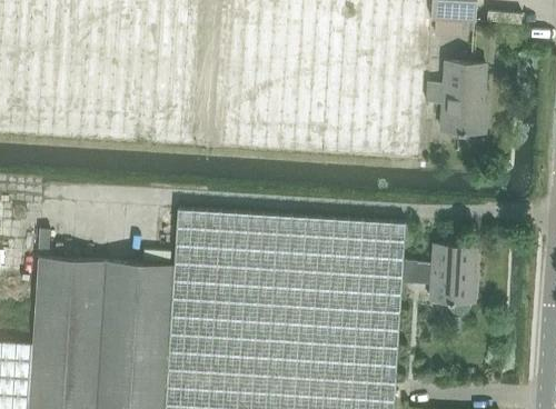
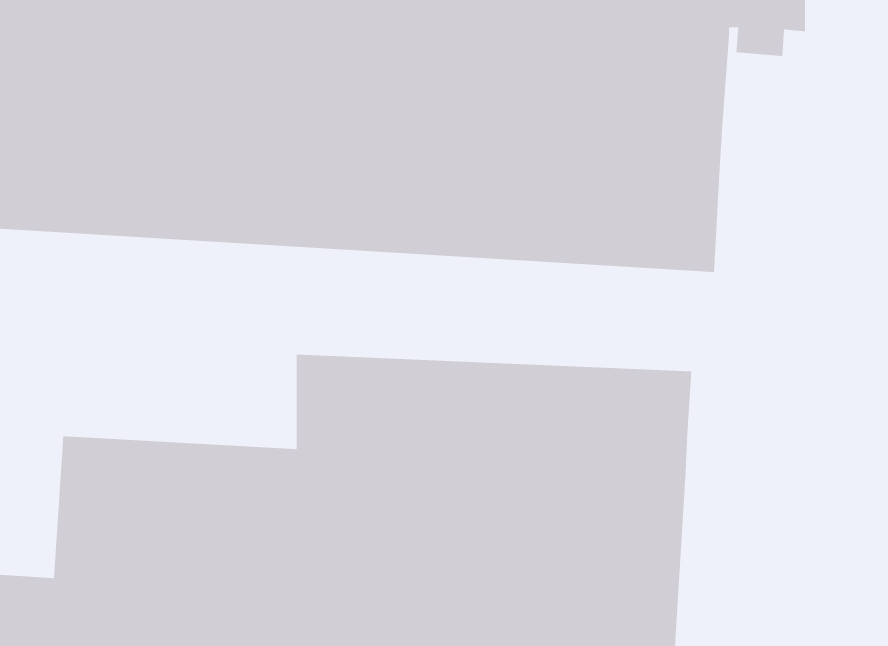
building: [424,59,485,131] -> none
building: [404,242,474,311] -> none

